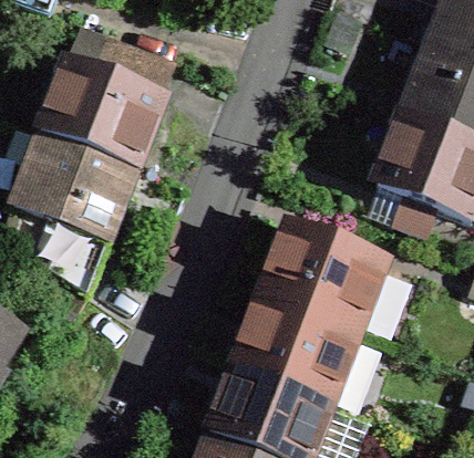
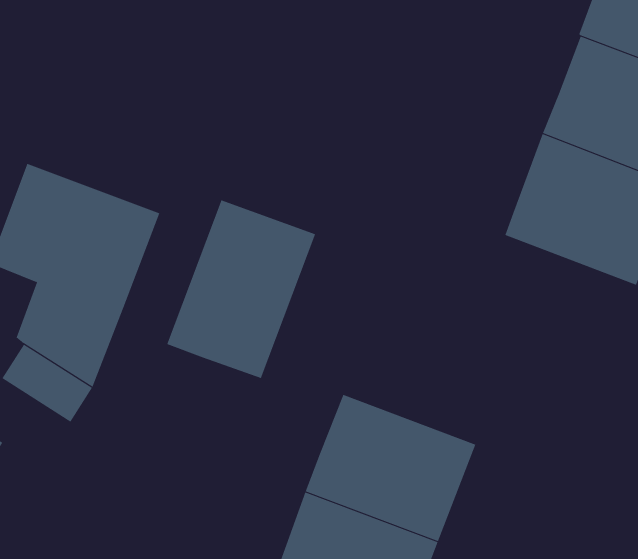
building: [40,27,172,170] -> none
building: none -> [166,199,316,379]
building: [262,226,383,333] -> none

